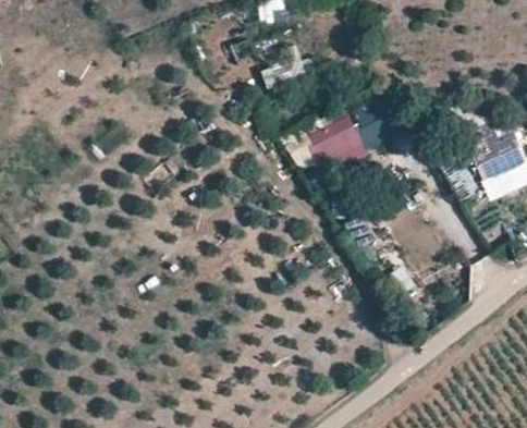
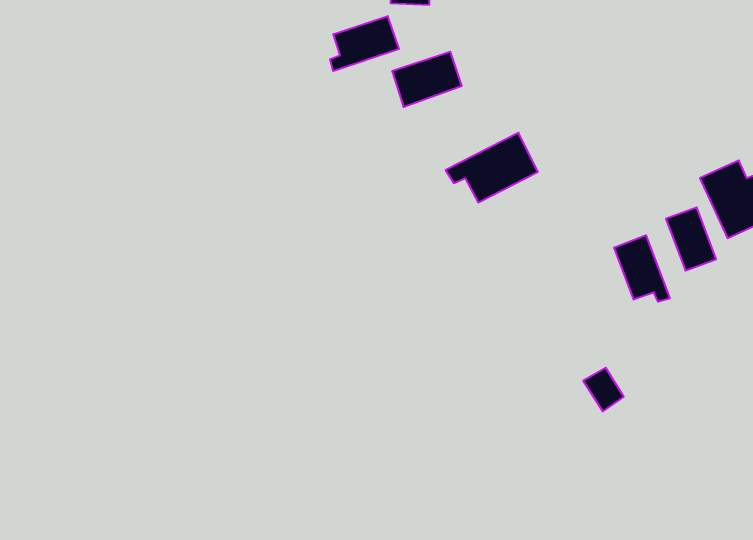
building: none -> [330,16,399,71]
building: none -> [614,235,670,302]

